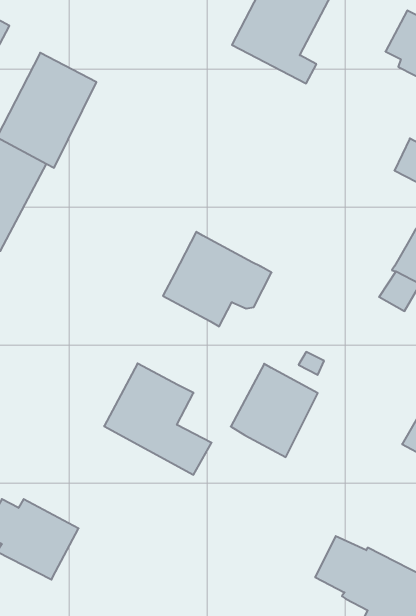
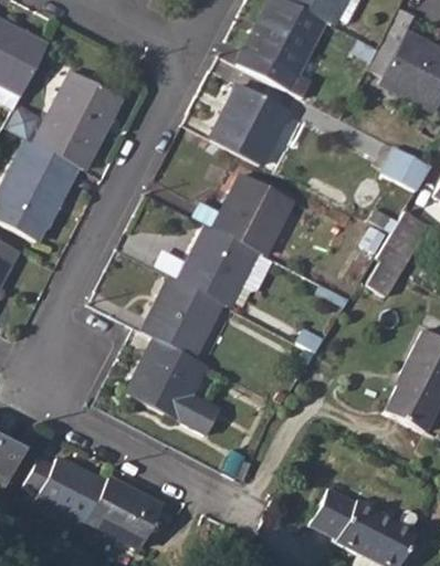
building: none -> [212,83,291,164]
building: none -> [213,172,292,254]
building: [231,364,318,457] -> [145,276,220,357]
building: none -> [86,478,163,548]

